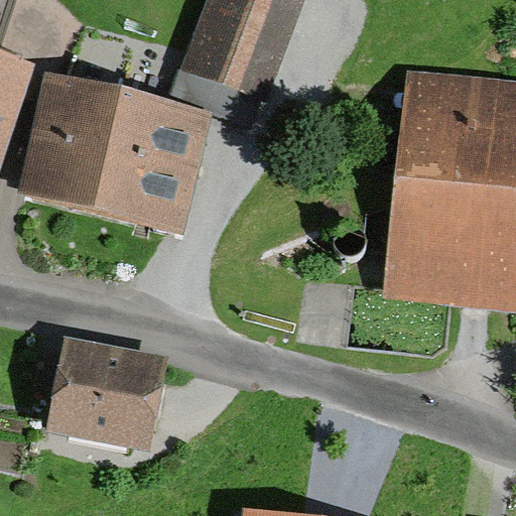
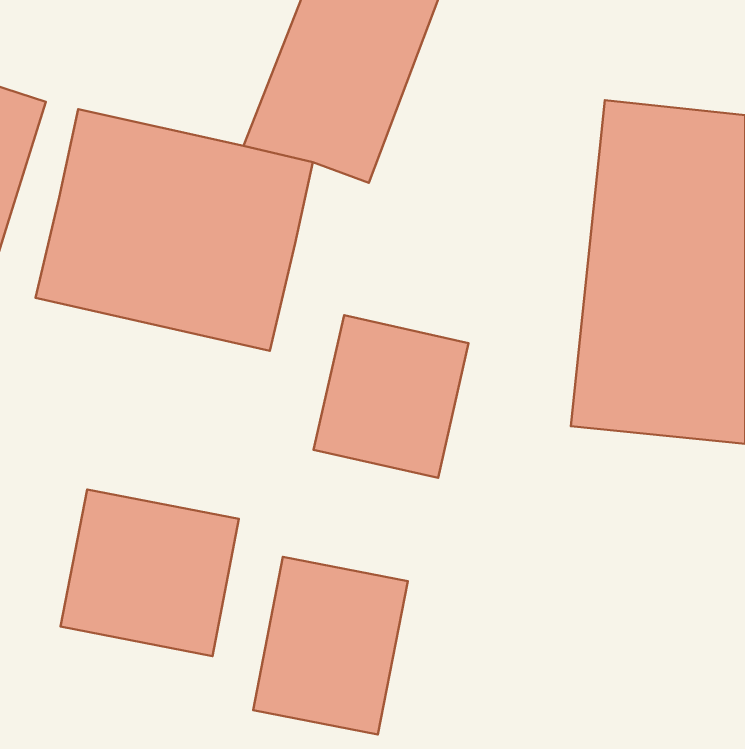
building: none -> [314,315,469,478]
building: none -> [253,557,408,735]

